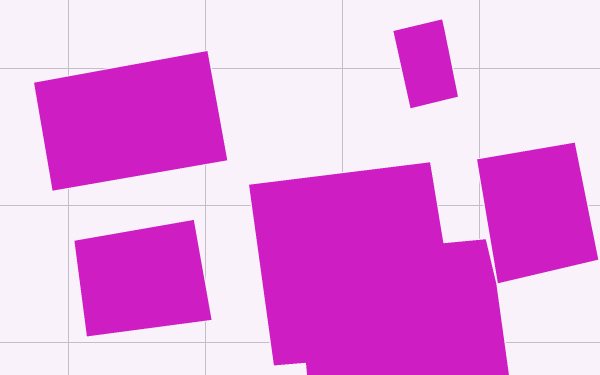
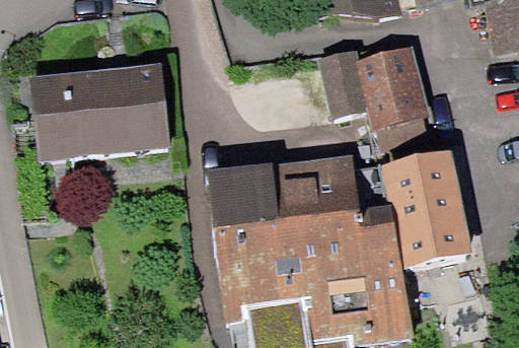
building: none -> [355,45,427,129]
building: [74,219,212,337] -> none

